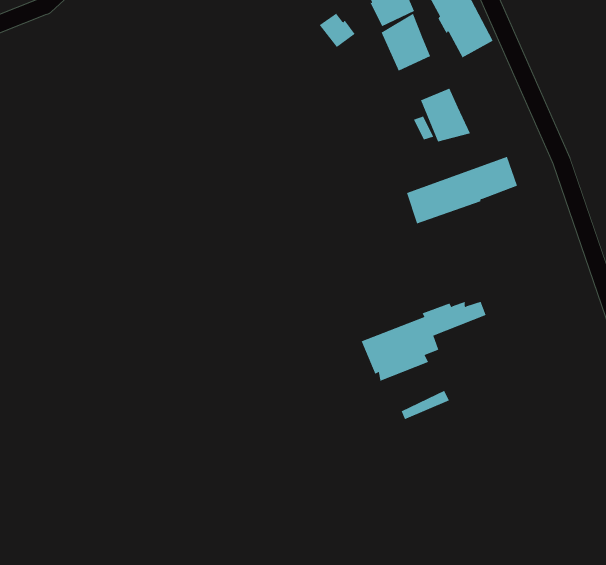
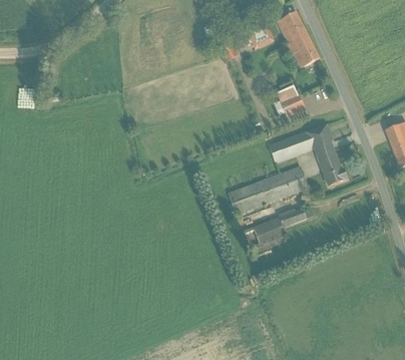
building: [381,13,431,71] -> none
building: none -> [317,148,348,186]
building: none -> [229,165,309,215]

